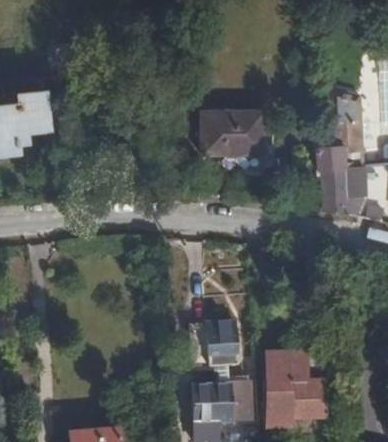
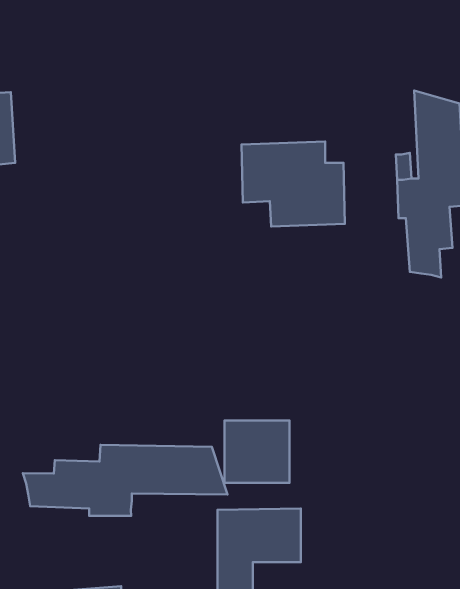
building: none -> [23,445,228,516]
building: [272,353,325,422] -> none

